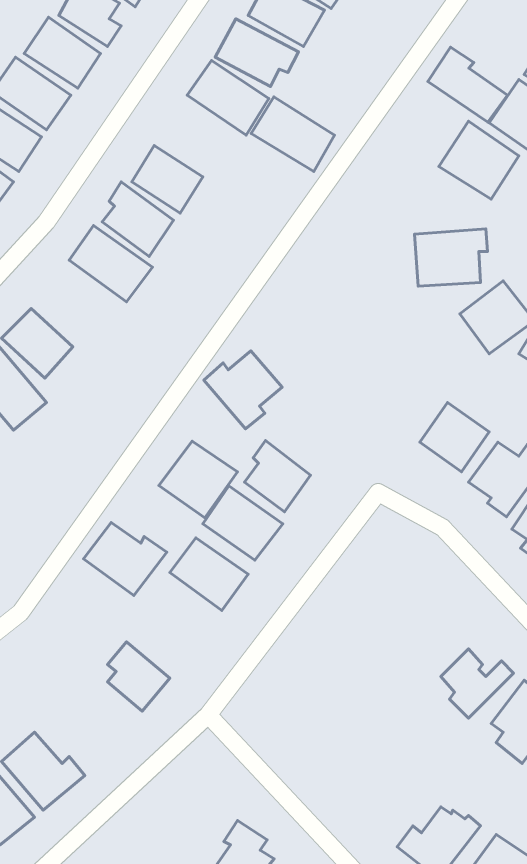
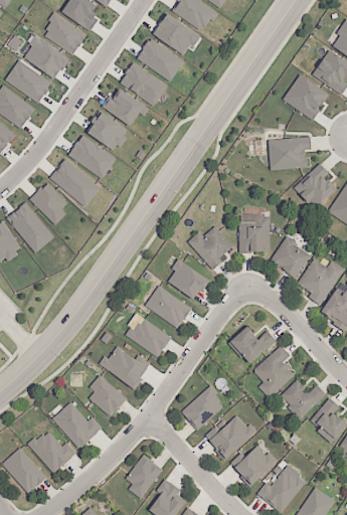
building: [428,47,508,122] -> none
building: [251,97,335,172] -> [119,62,167,106]
building: none -> [49,159,100,206]
building: [204,351,282,429] -> [189,224,234,270]
building: none -> [239,214,270,251]
building: [159,441,238,518] -> none
building: [83,523,167,595] -> [104,346,152,388]
building: none -> [229,326,277,366]
building: none -> [255,346,295,398]
building: none -> [181,385,222,430]
building: none -> [53,401,103,448]
building: none -> [206,415,258,461]
building: none -> [231,446,279,485]
building: none -> [126,455,162,498]

